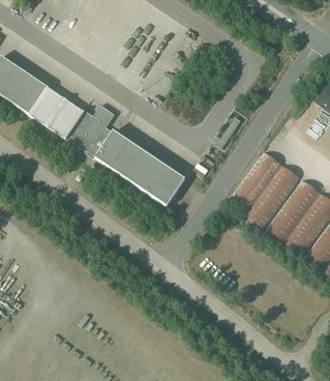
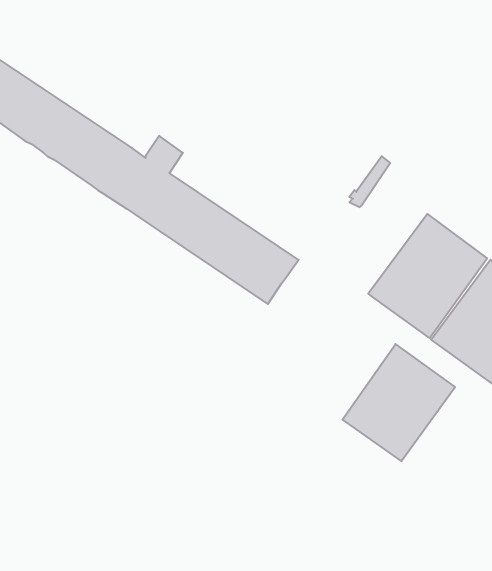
building: none -> [343,344,455,461]

